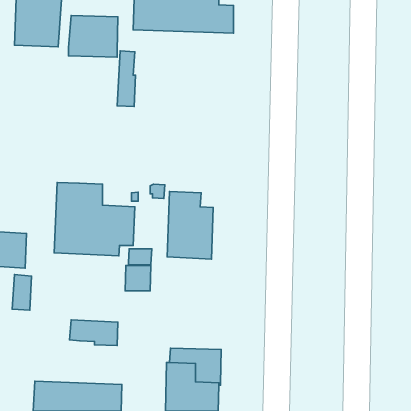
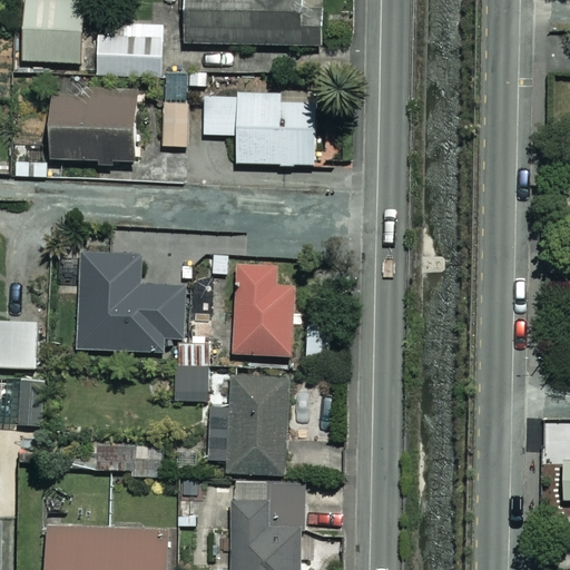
building: none -> [50,89,136,161]
building: none -> [203,90,315,166]
building: none -> [208,375,289,476]

